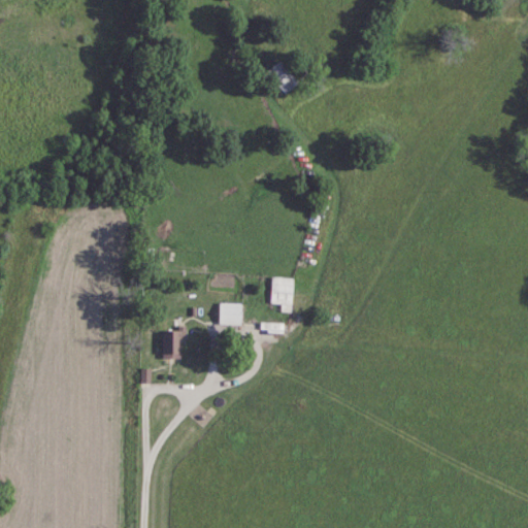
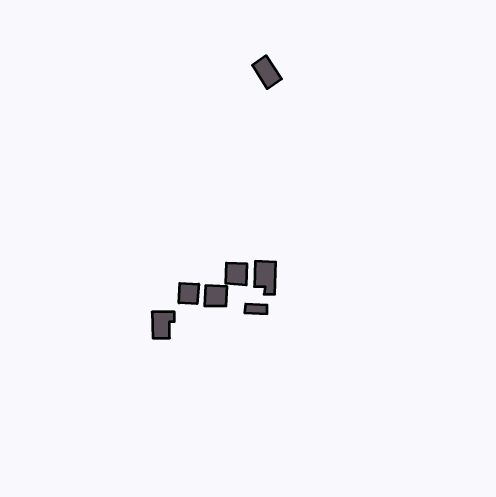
building: none -> [226,263,247,285]
building: none -> [179,283,199,304]

